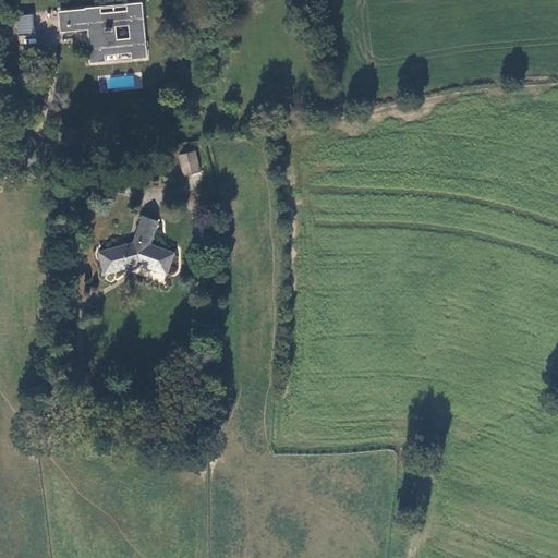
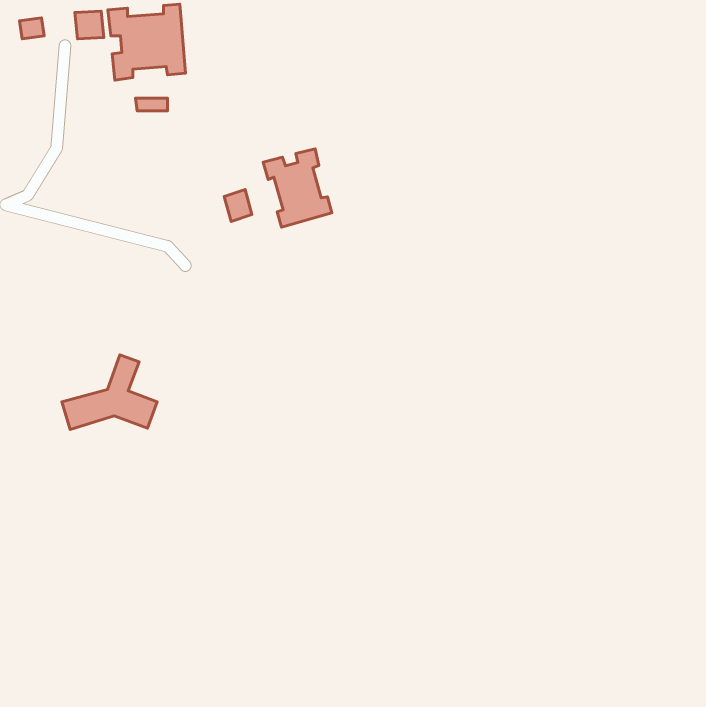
building: none -> [263,149,332,227]
building: [98,215,173,274] -> [62,355,157,430]

